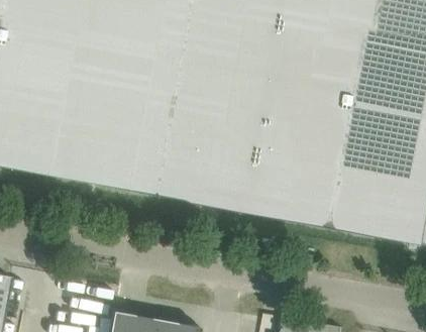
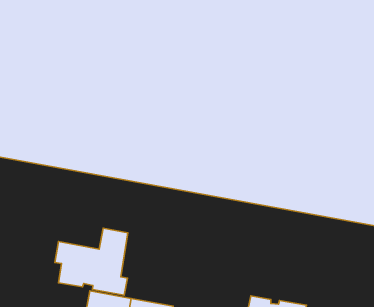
building: none -> [55,228,128,295]

